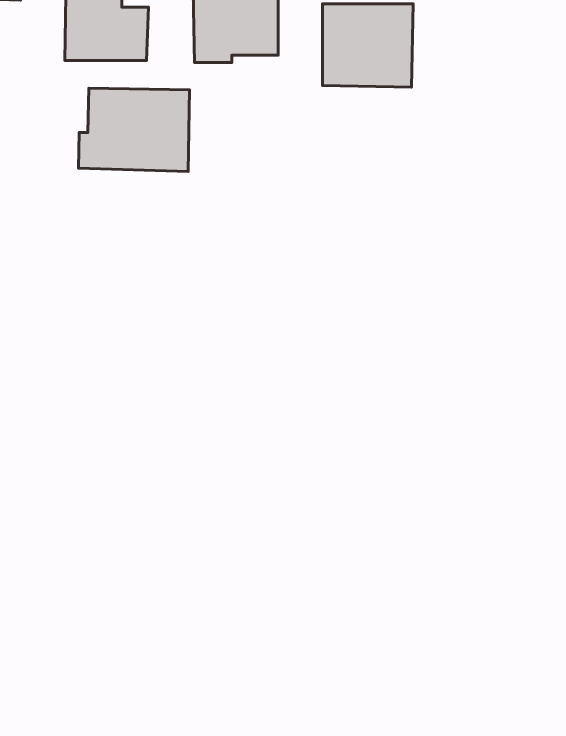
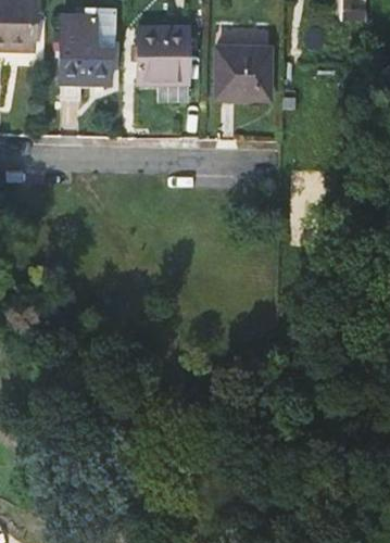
building: [79,88,189,172] -> none

